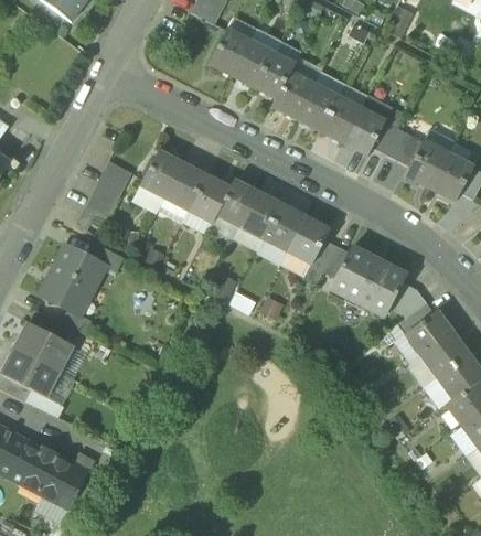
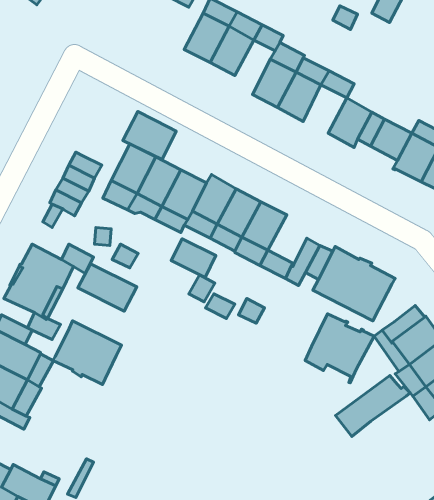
building: [257,53,295,97] -> none
building: [321,95,362,140] -> none
building: none -> [123,111,176,159]
building: [288,216,330,265] -> none
building: none -> [171,239,216,278]
building: none -> [78,264,137,311]
building: [392,281,426,317] -> none
building: none -> [305,314,374,383]
building: none -> [53,321,122,384]
building: none -> [335,375,410,436]

